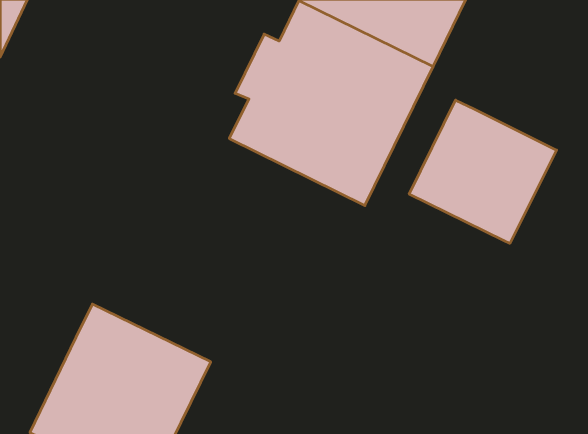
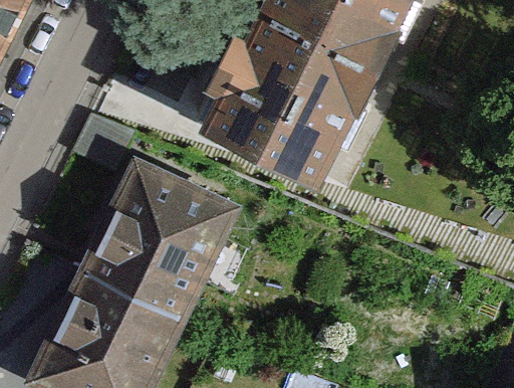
building: [409,100,557,243] -> none
building: none -> [82,158,239,320]

